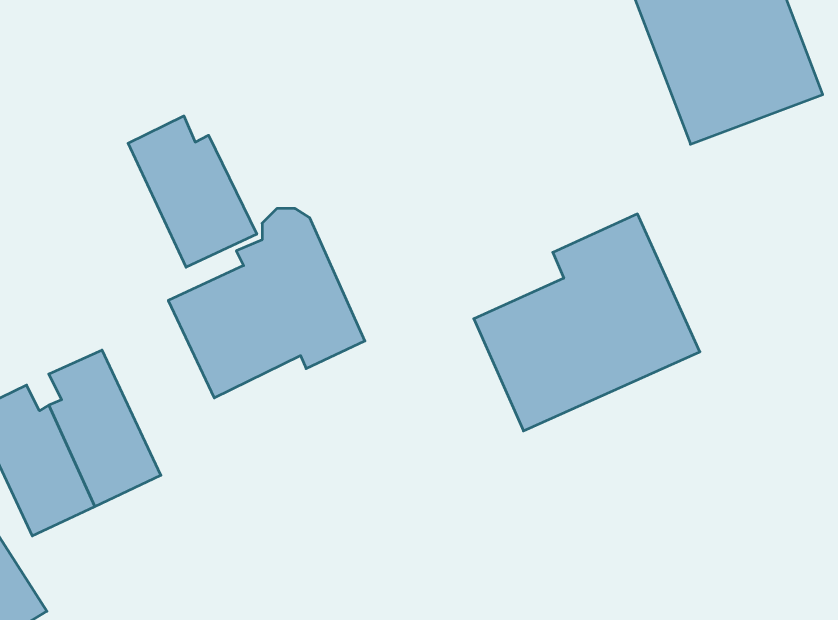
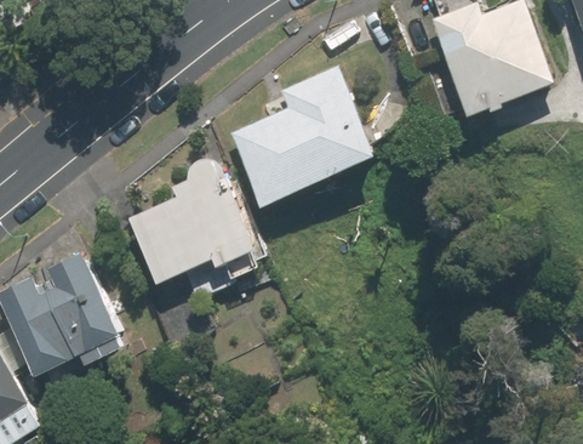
building: [128,116,257,267] -> none
building: [474,214,700,431] -> [228,66,377,209]

